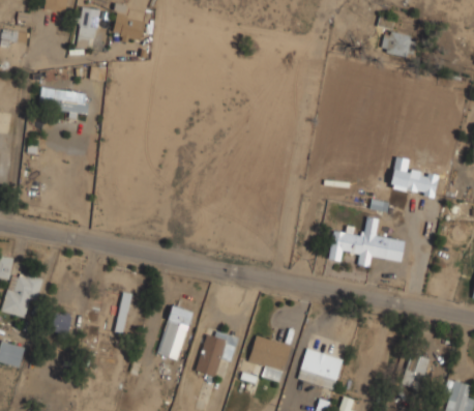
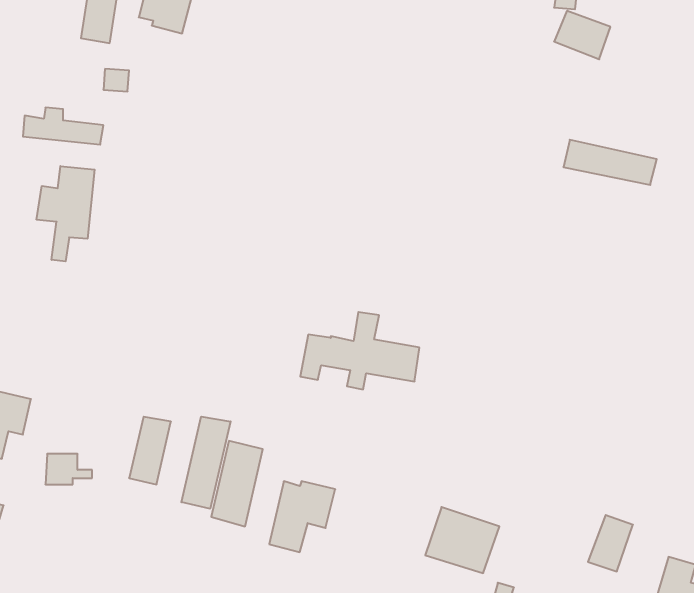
building: none -> [37,166,95,261]
building: [390,169,450,198] -> [563,140,657,185]
building: [329,217,406,267] -> [300,312,419,389]
building: none -> [181,417,231,509]
building: [248,334,293,382] -> none

